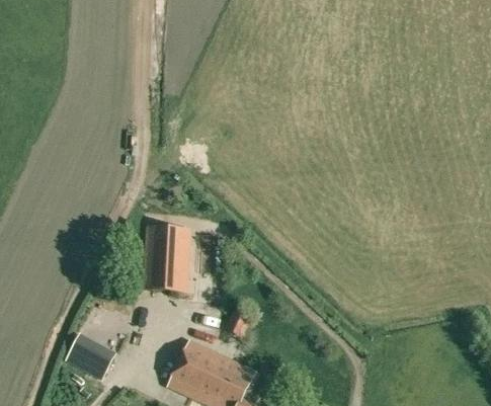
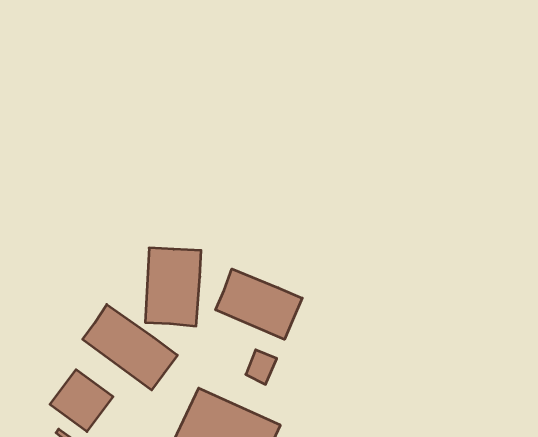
building: none -> [216,269,302,339]
building: none -> [83,304,177,390]

